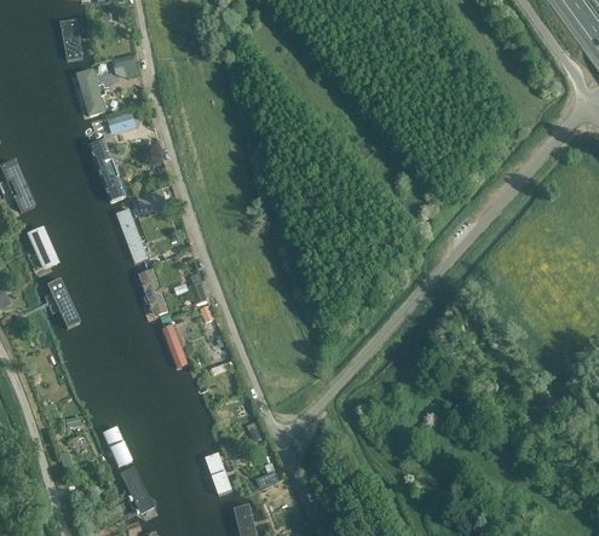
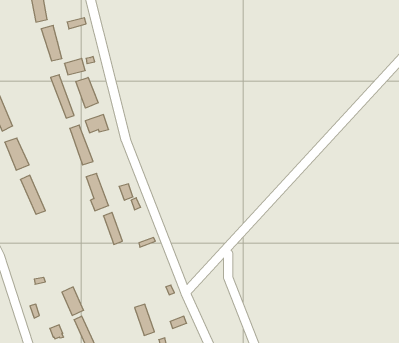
building: none -> [76,77,98,108]

